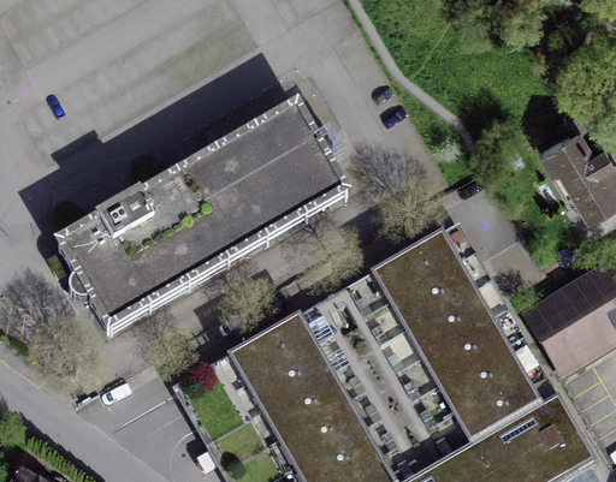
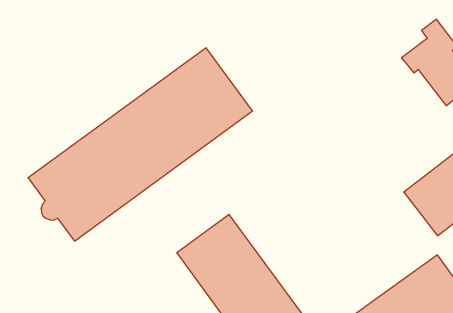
building: [377,234,543,442] -> none

